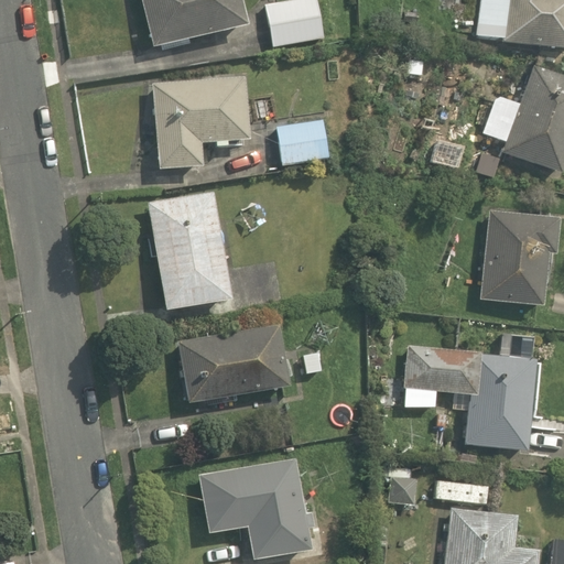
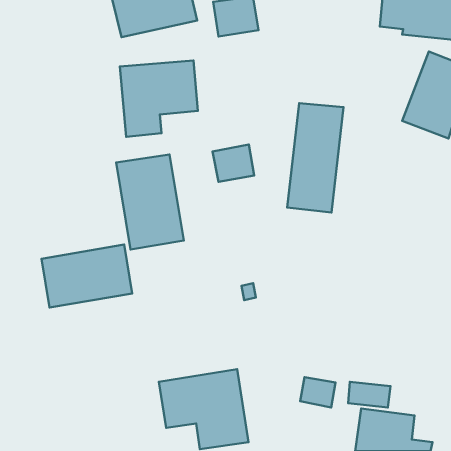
building: [276,118,328,164] -> [212,145,254,182]
building: none -> [287,103,343,213]
building: [479,210,557,305] -> none
building: [178,324,291,402] -> [42,245,132,308]
building: [403,344,536,449] -> none

